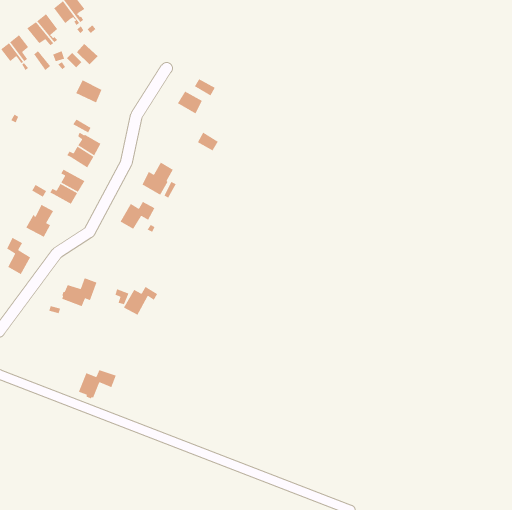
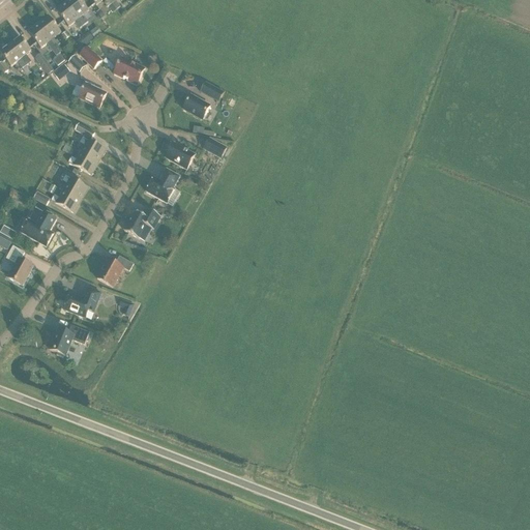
building: none -> [113,56,145,84]
building: none -> [165,141,195,168]
building: [123,286,158,316] -> [96,255,132,286]
building: [78,369,117,399] -> [49,324,89,355]

